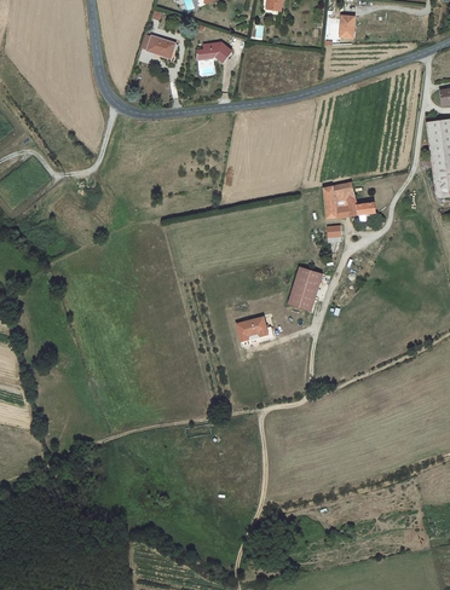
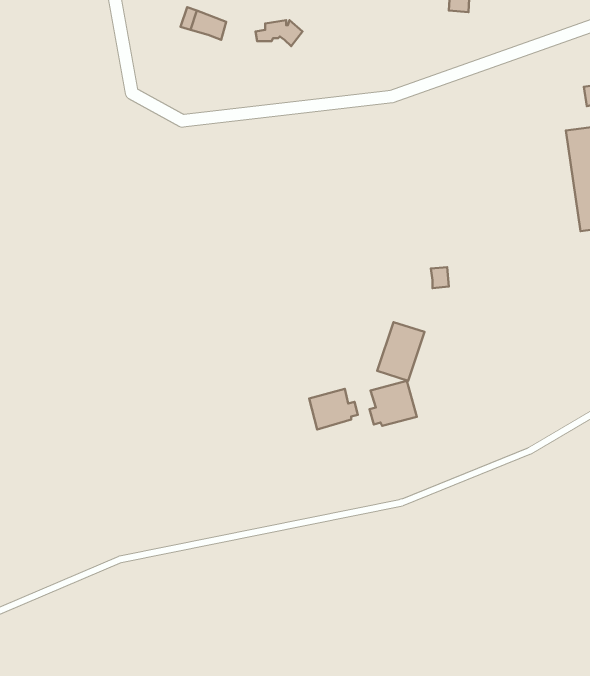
building: [322,181,376,221] -> none
building: none -> [369,381,417,426]

